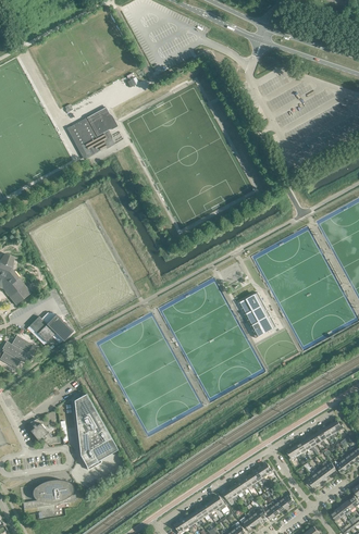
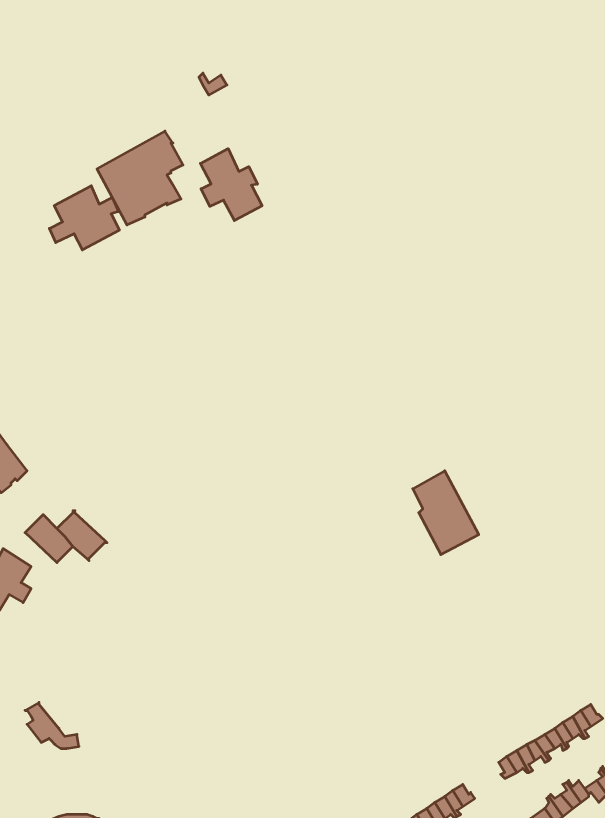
building: none -> [200,149,262,221]
building: none -> [49,186,119,250]
building: [73,394,116,470] -> none

